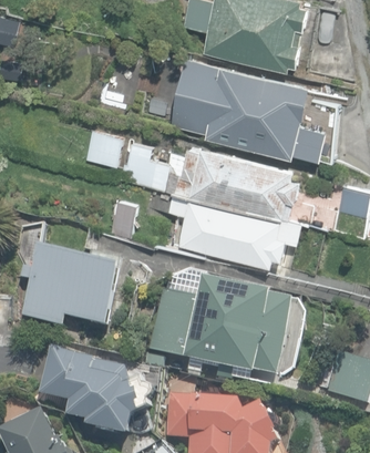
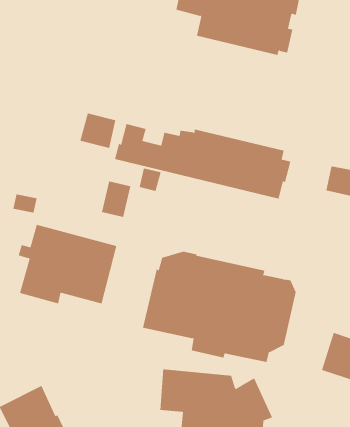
building: [167,55,323,156] -> none
building: [166,189,300,266] -> none
building: [41,349,150,435] -> none

